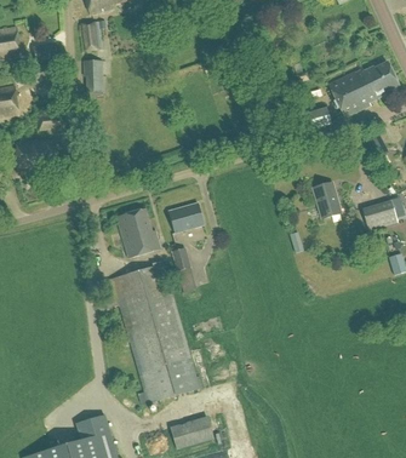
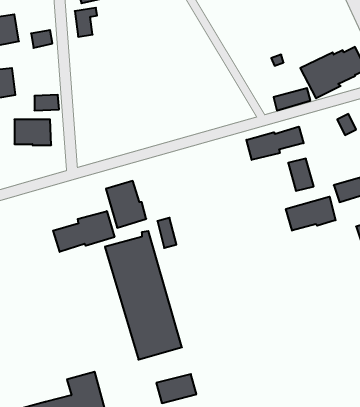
building: [82,59,102,92] -> none
building: none -> [246,127,304,160]
building: [167,202,202,233] -> none
building: none -> [286,197,336,231]
building: none -> [53,211,114,252]

